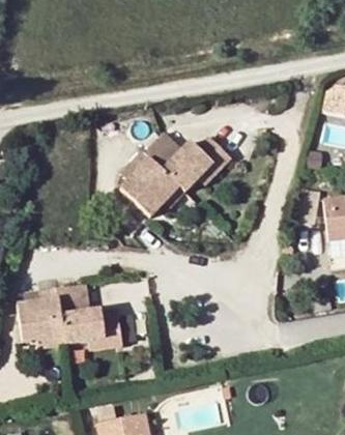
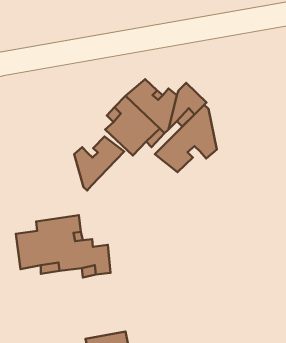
building: none -> [155,105,217,172]
building: none -> [74,137,124,191]

